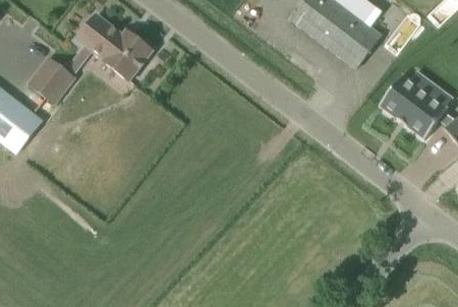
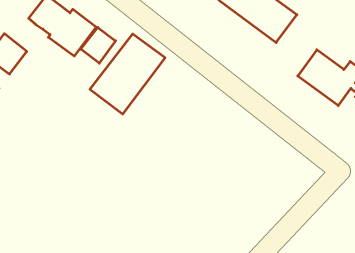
building: none -> [81,27,116,63]
building: none -> [90,34,165,114]

